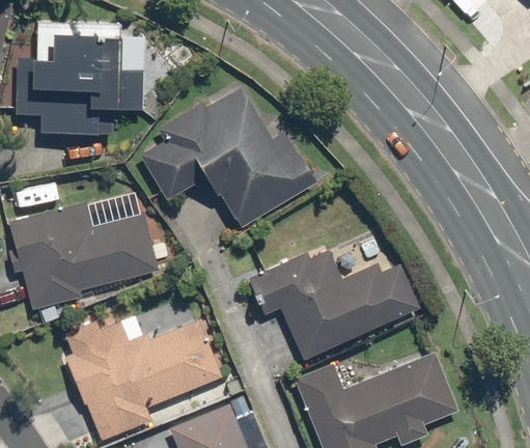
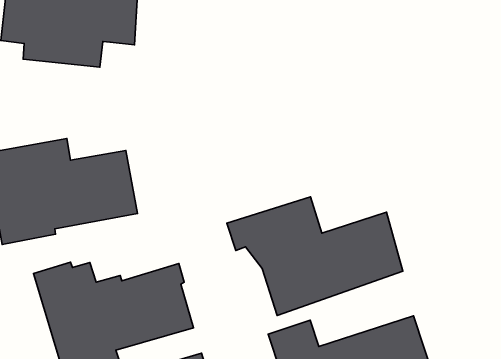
building: [140,88,316,228] -> none

